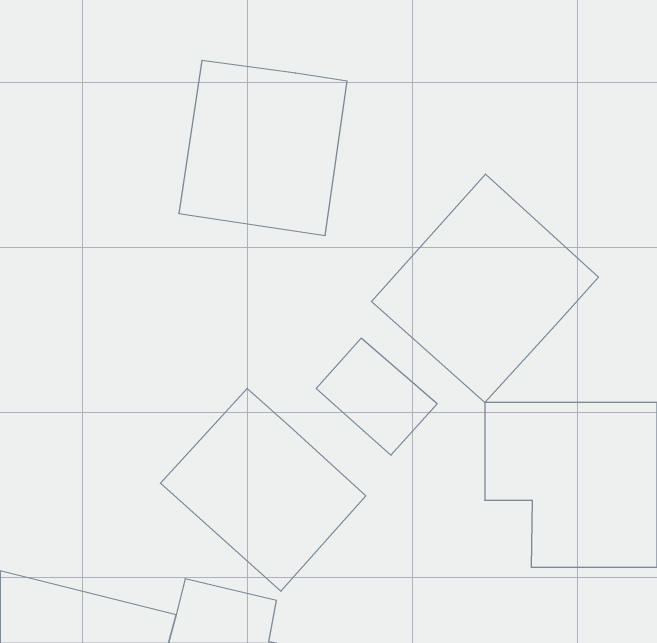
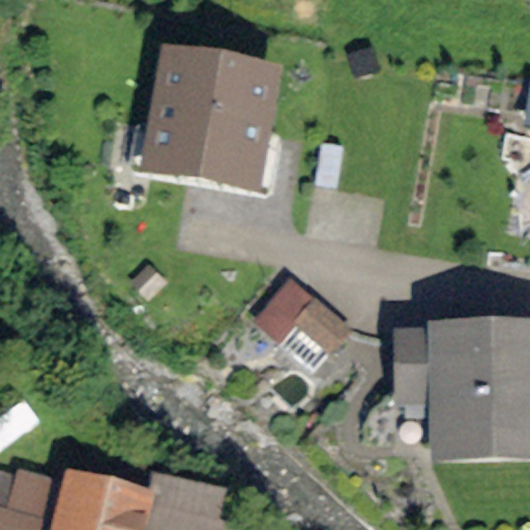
building: [371,174,598,403] -> none
building: [160,388,366,591] -> none

